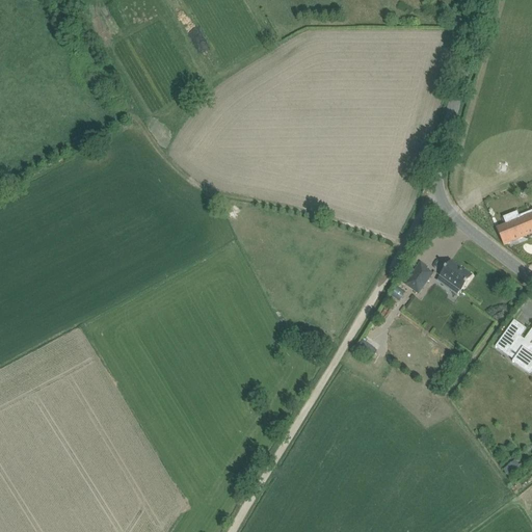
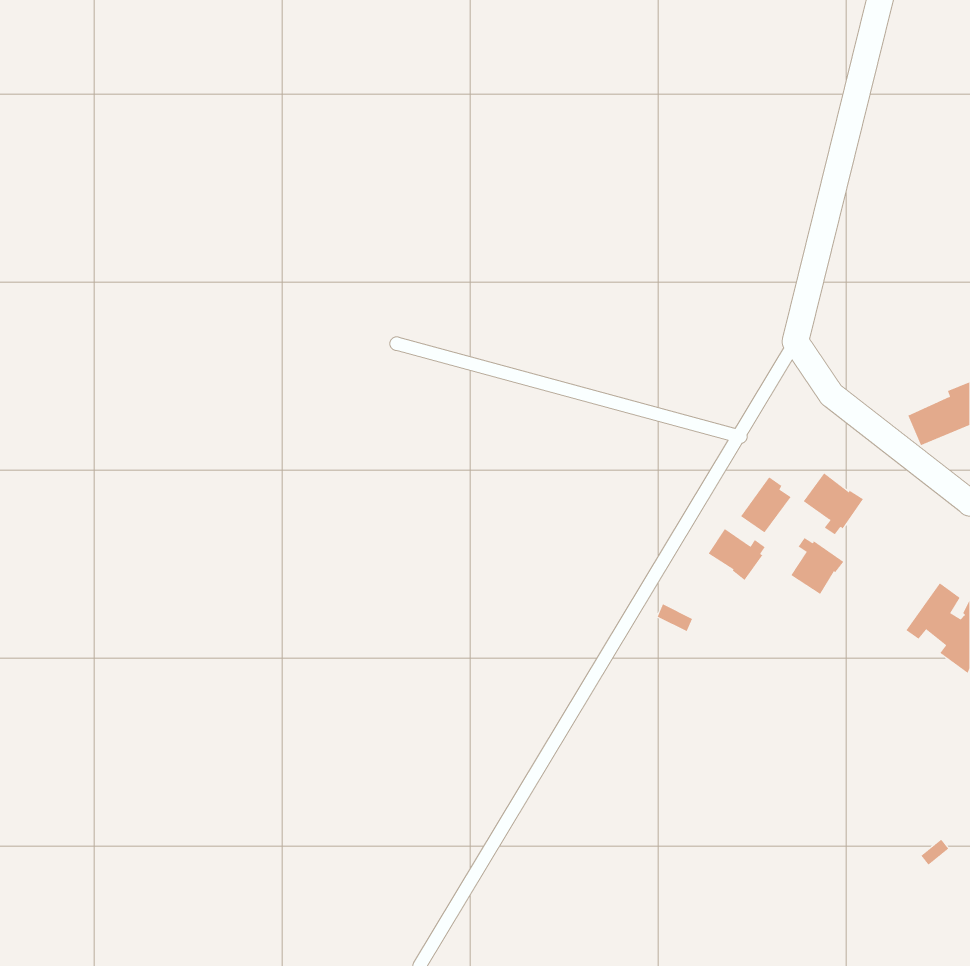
building: none -> [708,528,765,581]
building: none -> [790,537,844,595]

